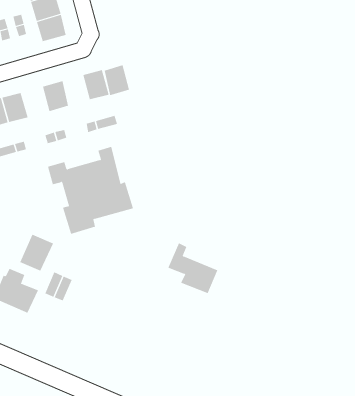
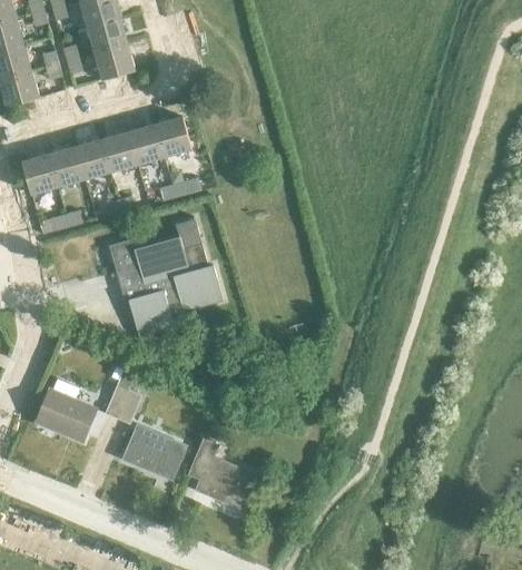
building: [104,65,130,96] -> [129,124,164,165]
building: none -> [73,139,110,180]
building: [20,234,54,272] -> none
building: [168,243,218,294] -> [190,440,257,508]
building: none -> [124,426,184,481]

